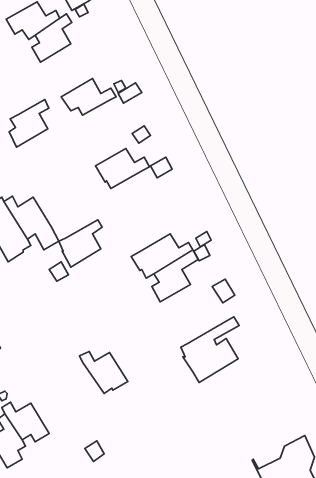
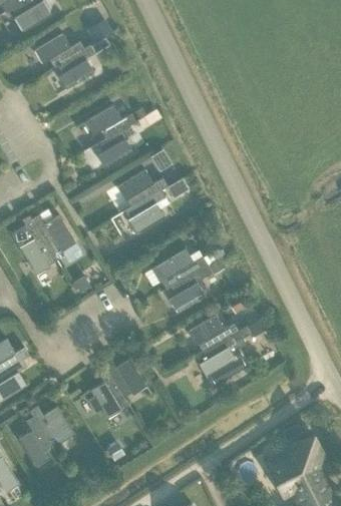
building: [9,100,49,147] -> [96,124,133,168]
building: [59,220,102,267] -> [124,189,164,233]
building: none -> [188,314,238,351]
building: none -> [84,368,127,418]

